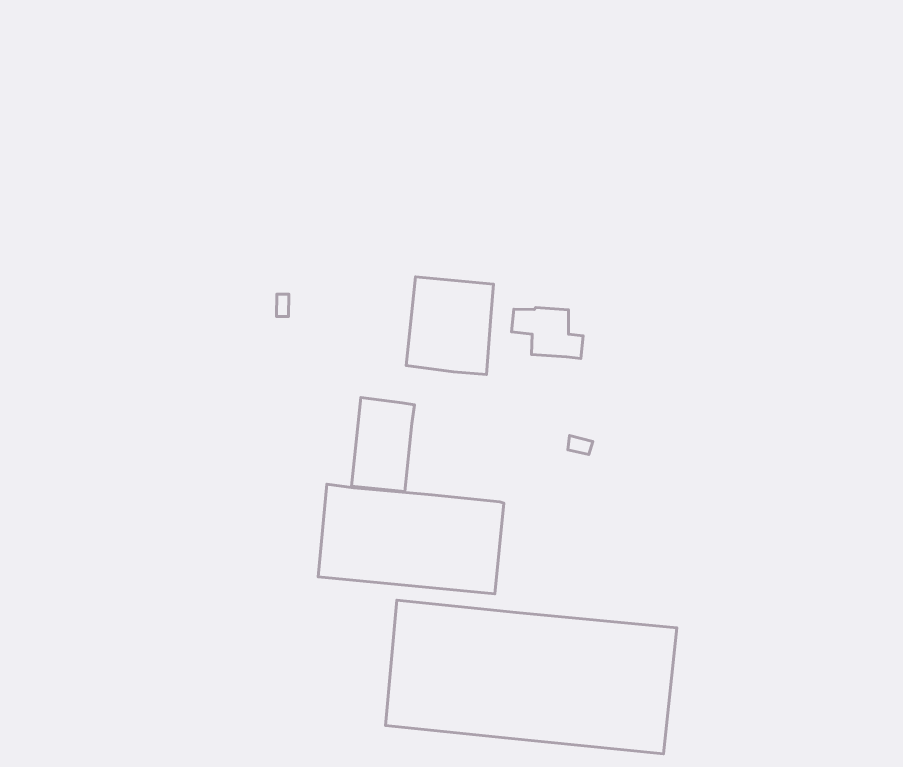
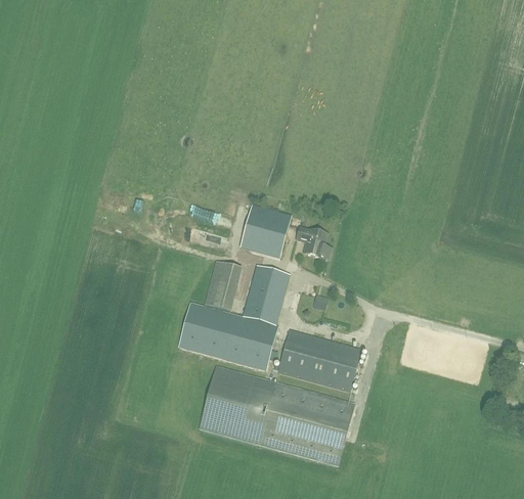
building: none -> [242,264,289,324]
building: none -> [277,329,361,392]

